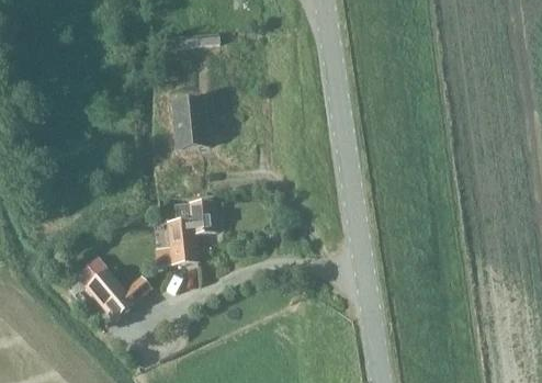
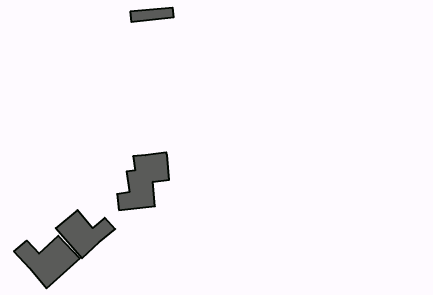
building: [170,94,210,147] -> none
building: none -> [14,236,80,288]

